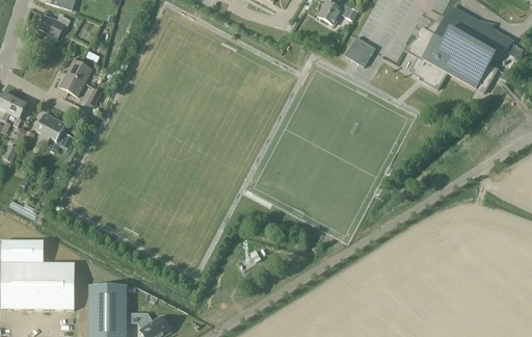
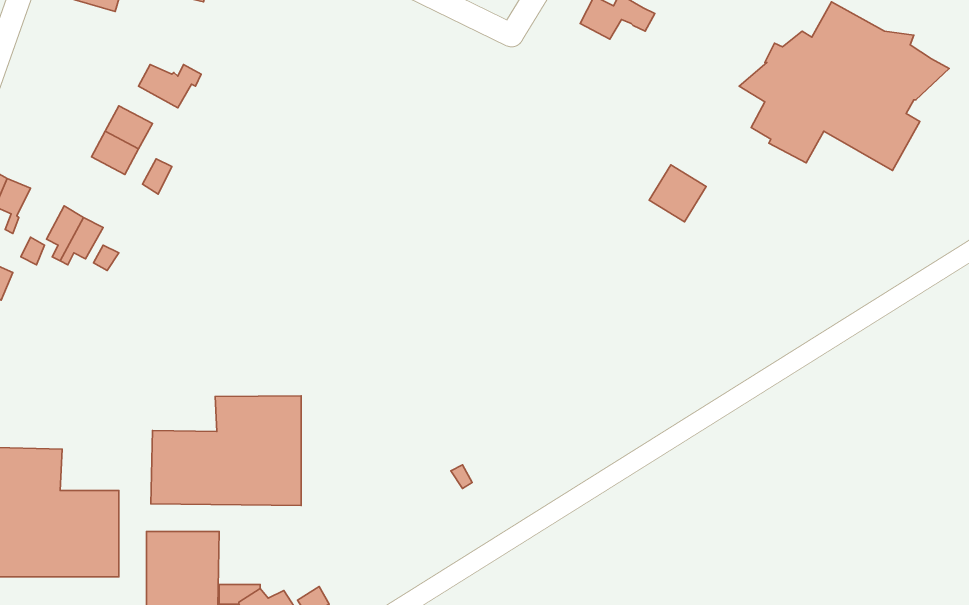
building: [36,15,70,37] -> [138,65,201,108]
building: [345,36,375,67] -> [649,165,706,222]
building: none -> [151,396,301,505]

